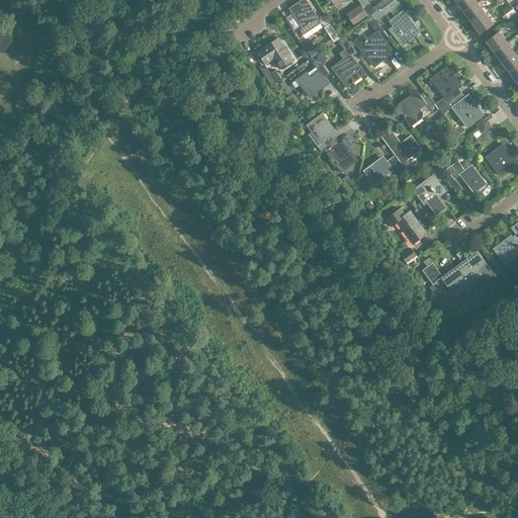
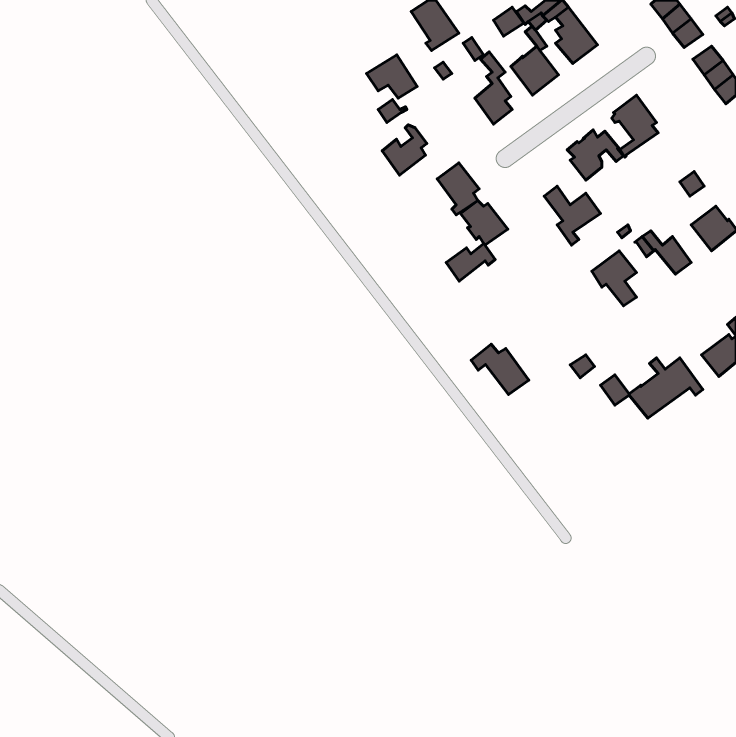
building: [296,62,328,97] -> [382,125,427,175]
building: [438,93,483,127] -> none
building: [364,158,399,184] -> [446,244,495,281]
building: [385,208,426,244] -> [471,344,529,395]

